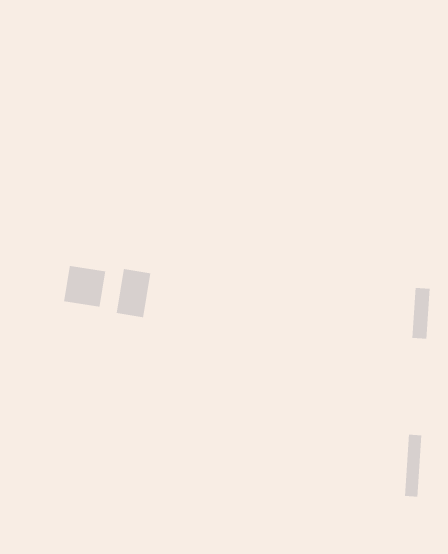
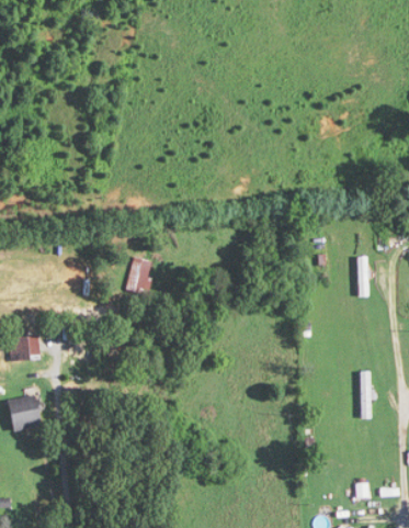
building: [63,265,106,308] -> none

